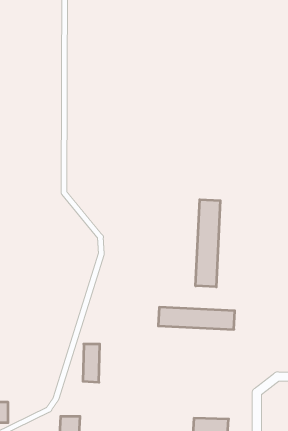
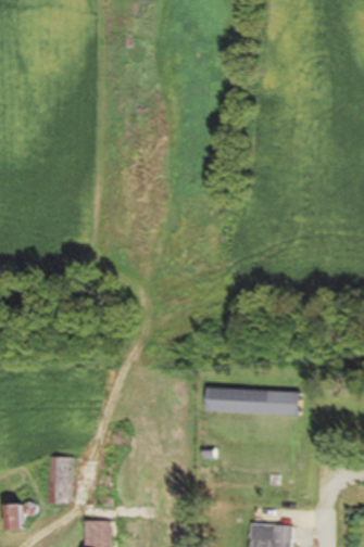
building: [196,200,220,287] -> none
building: [83,344,100,382] -> [52,457,73,504]

